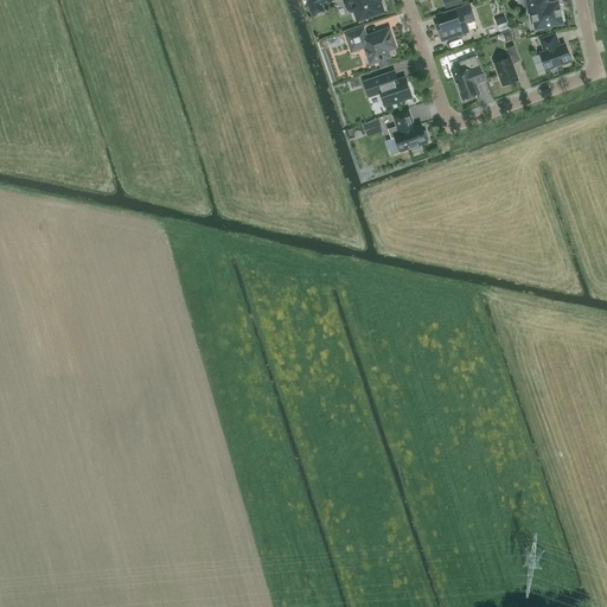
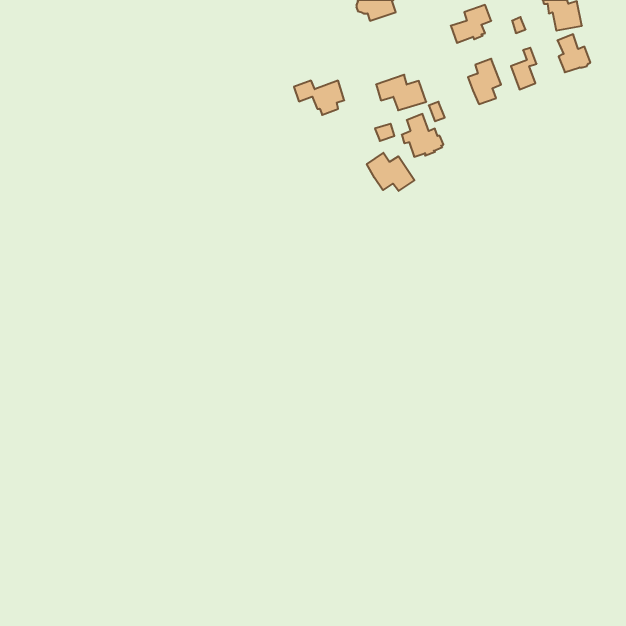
building: [346,30,395,63] -> [294,81,344,115]
building: none -> [367,153,414,191]

